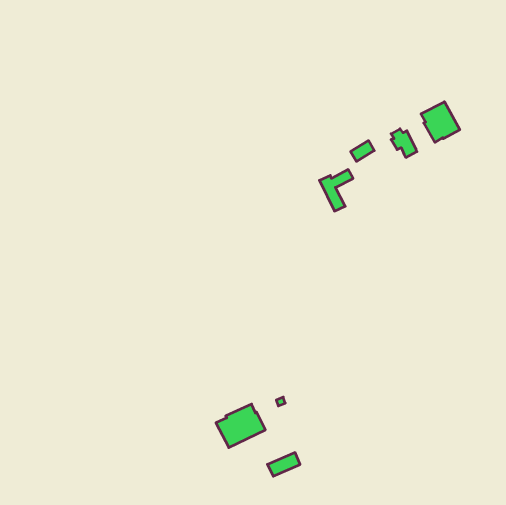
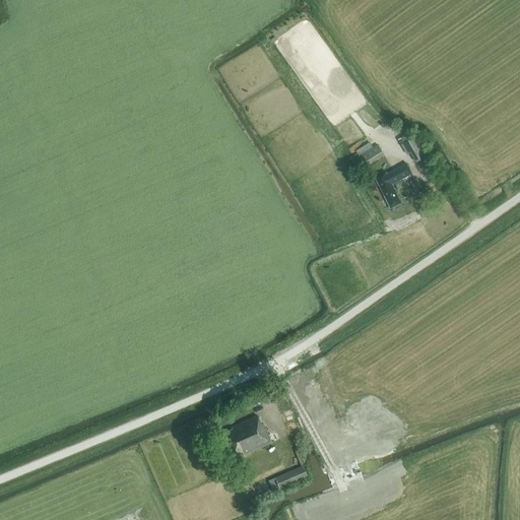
building: [421,102,460,142] -> none
building: [319,170,353,211] -> [376,165,410,207]

